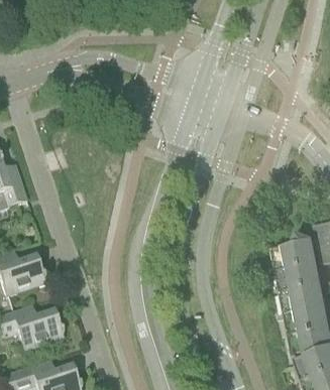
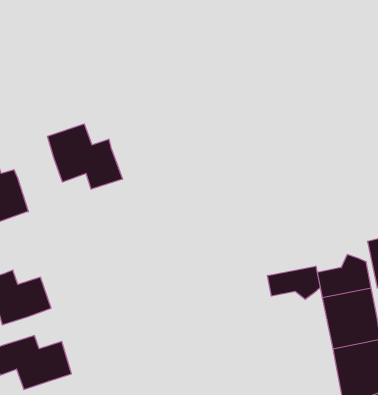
building: none -> [47,124,123,189]
building: none -> [267,266,320,299]

